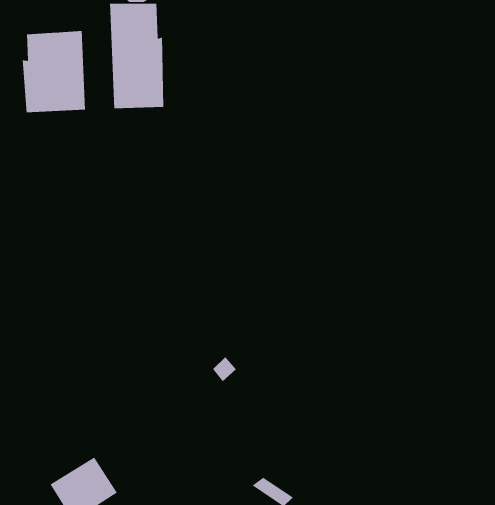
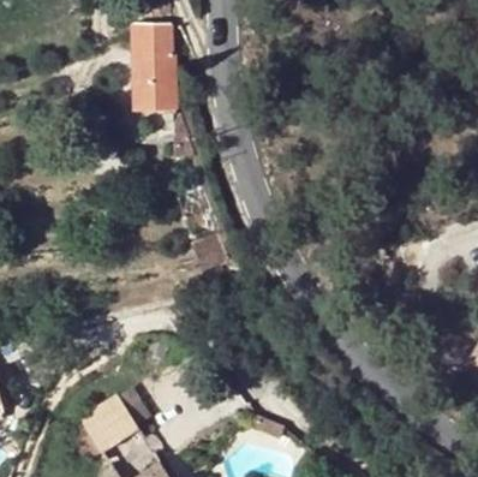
building: [22,30,86,113] -> none

